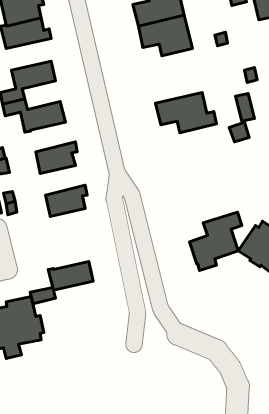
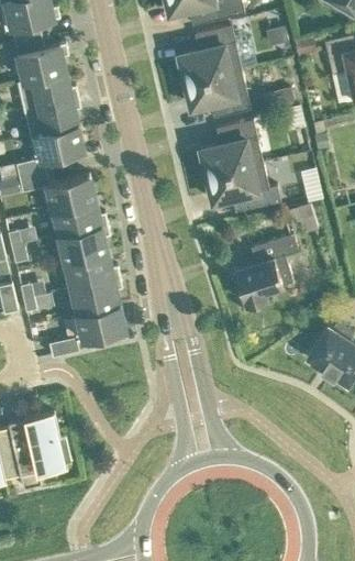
building: none -> [23,98,81,136]
building: none -> [200,121,263,177]
building: none -> [53,200,108,237]
building: none -> [65,253,120,289]
building: [190,212,242,271] -> [234,235,298,307]
building: [30,261,93,304] -> [48,306,125,358]

